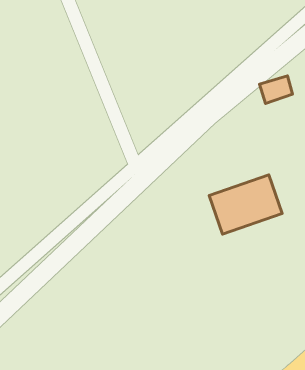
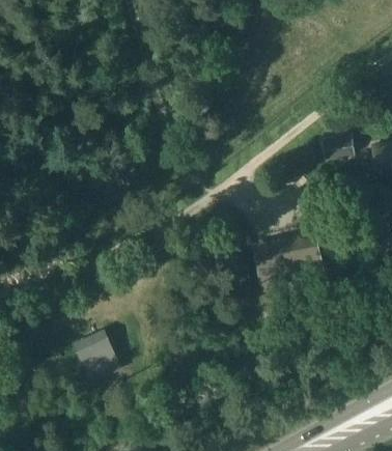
building: none -> [71,329,121,385]

